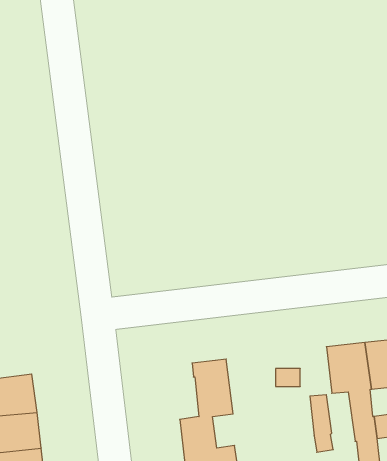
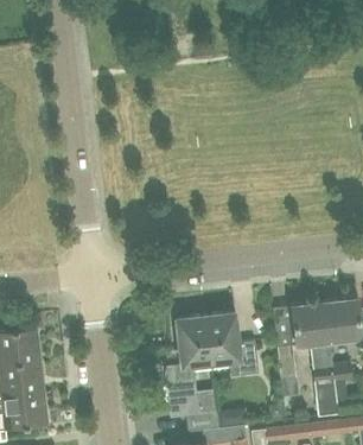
building: none -> [204,312,257,377]

